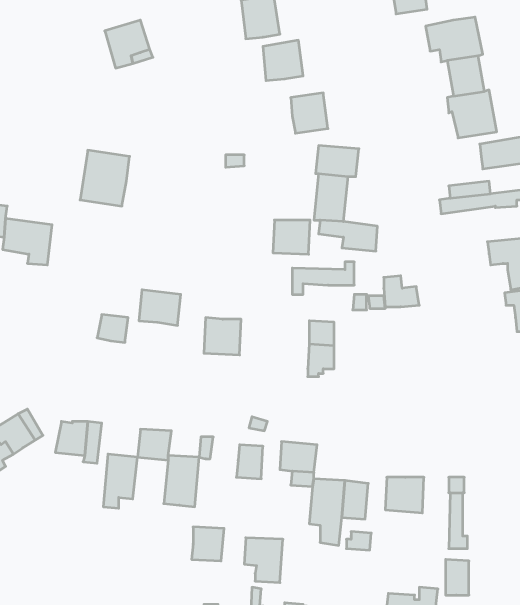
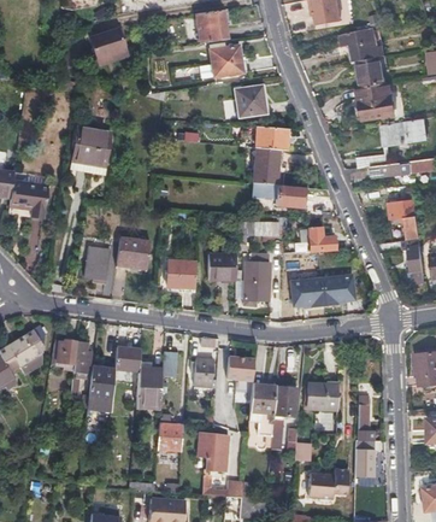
building: [273,220,310,254] -> [207,254,236,281]
building: none -> [290,275,355,309]

